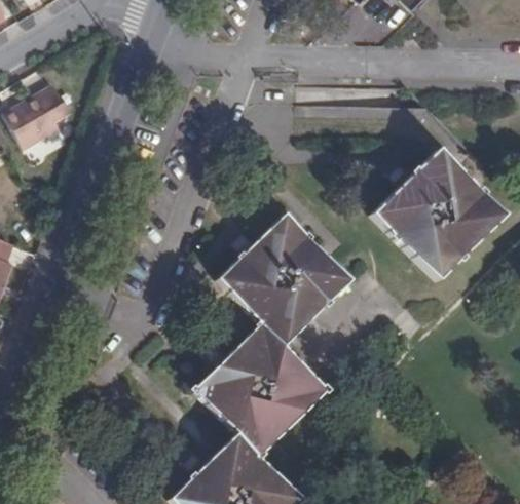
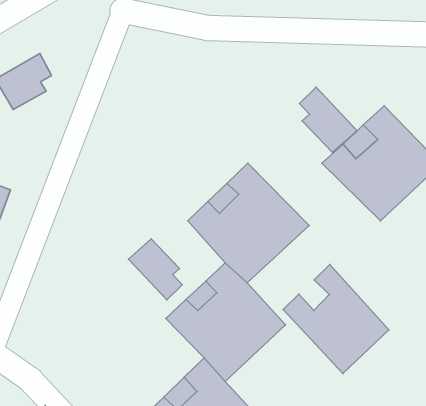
building: none -> [300,87,357,152]
building: none -> [128,239,182,300]
building: none -> [283,264,389,373]

